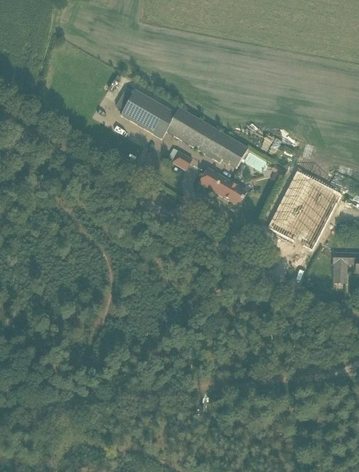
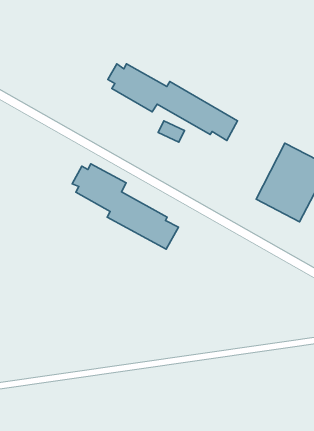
building: [199,168,247,206] -> none
building: none -> [72,164,179,249]

